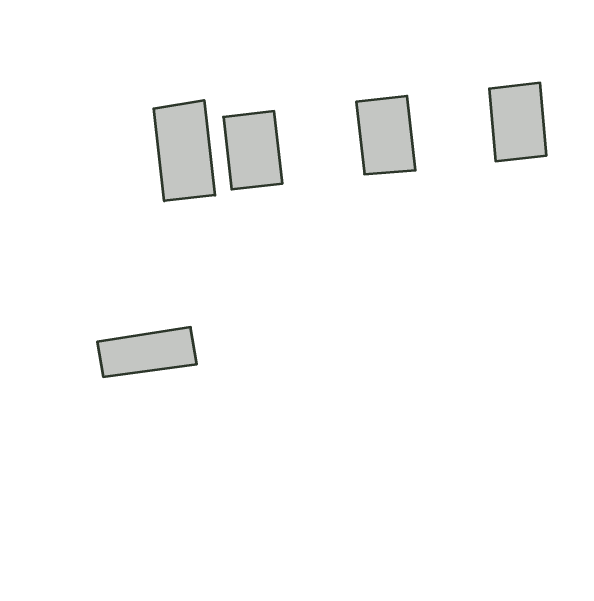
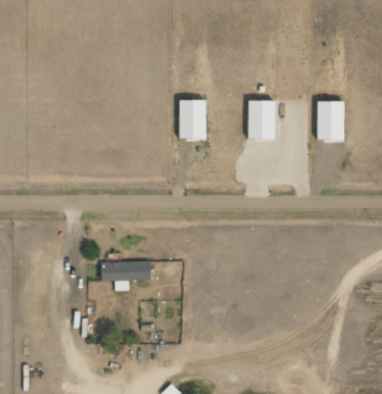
building: [154,100,215,201] -> none
building: [97,327,197,377] -> [103,260,153,281]

